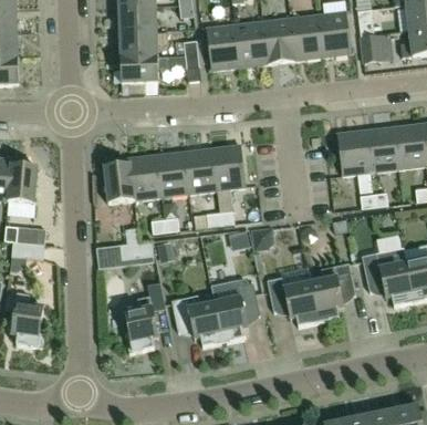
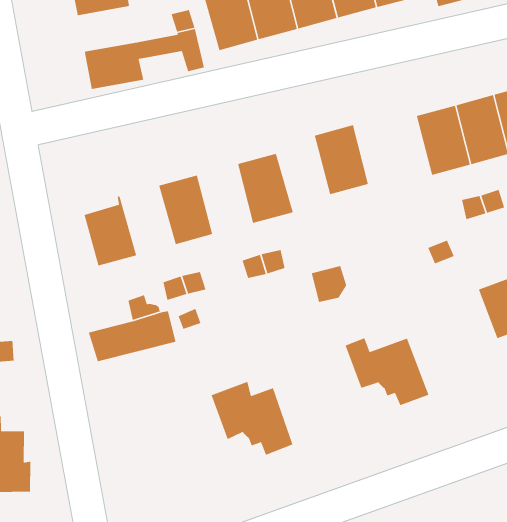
building: [119,31,157,56] -> none
building: [185,147,217,193] -> [314,124,369,195]
building: [131,154,163,199] -> none
building: [310,262,355,322] -> none
building: [215,282,260,342] -> none
building: [124,291,165,353] -> none

